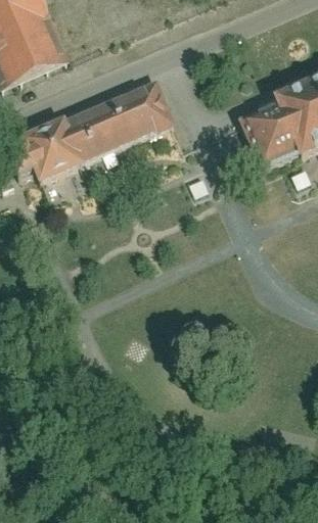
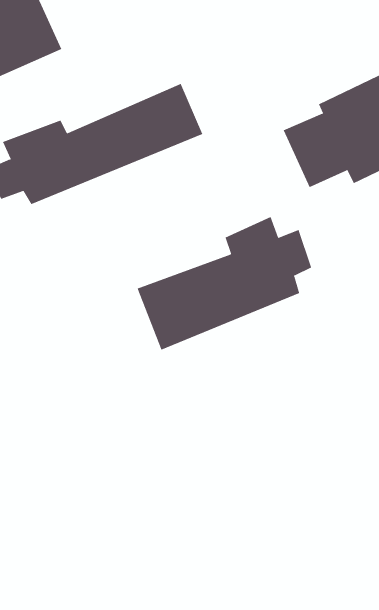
building: none -> [137,216,312,350]

